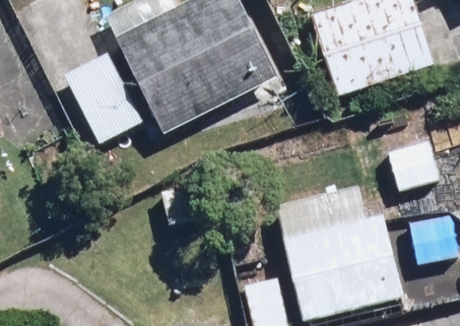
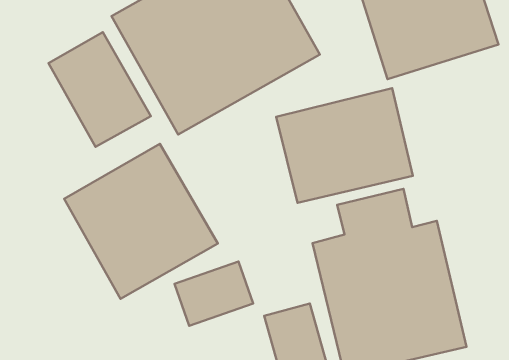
building: none -> [276,88,413,203]
building: none -> [64,144,218,299]

